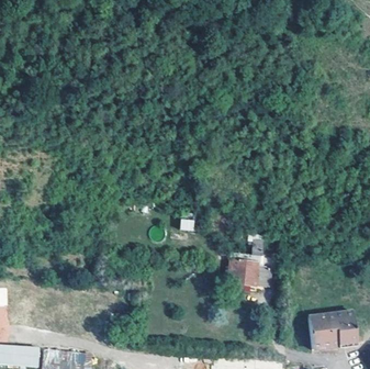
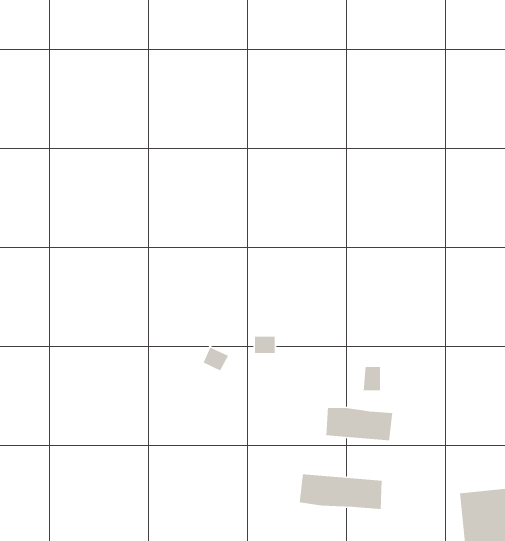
building: none -> [299,474,383,510]

